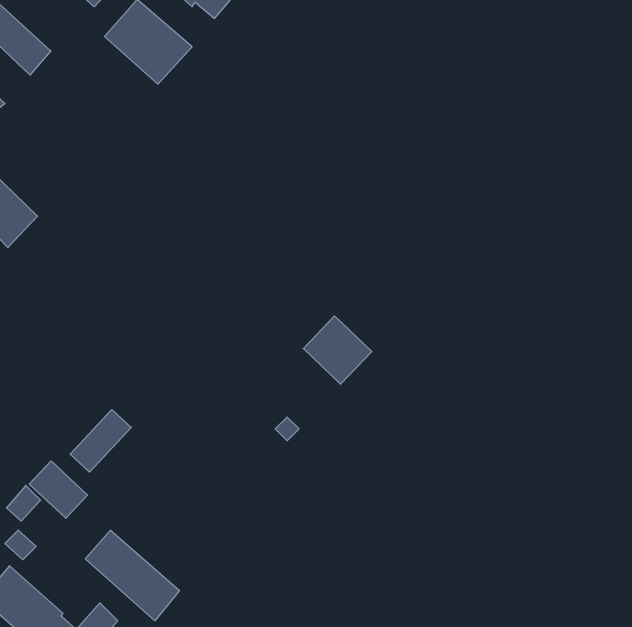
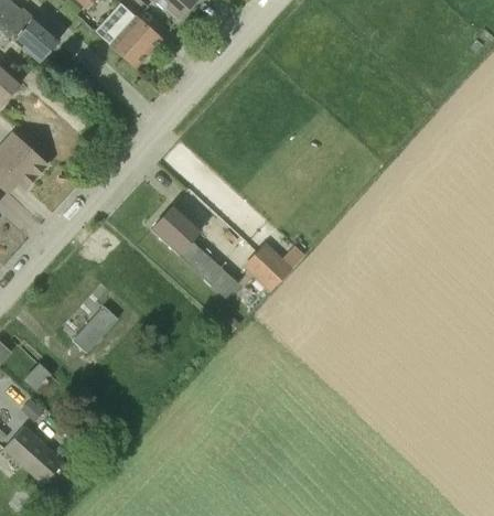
building: none -> [152,207,239,298]
building: [29,461,88,518] -> none
building: [85,530,179,621] -> none

